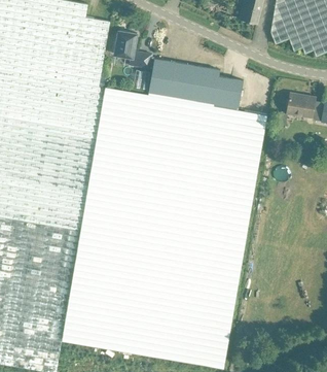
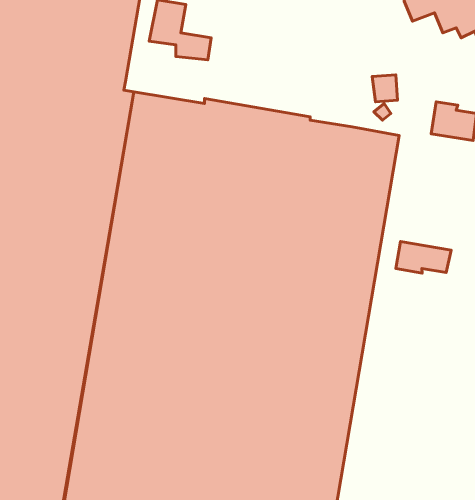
building: [148,58,244,108] -> none
building: none -> [396,242,451,273]

